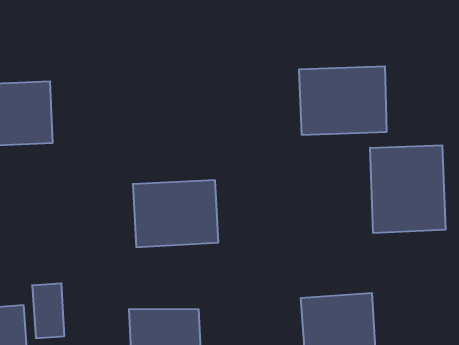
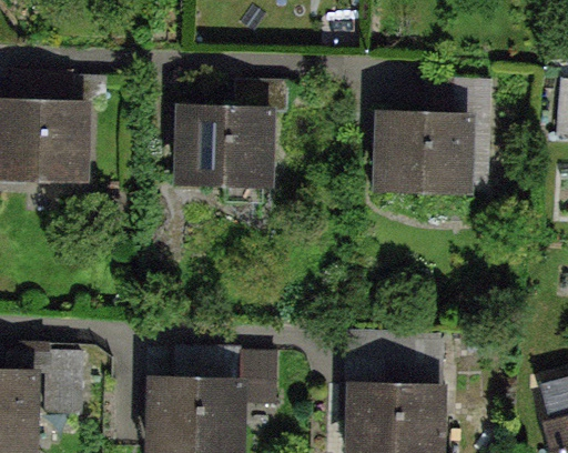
building: [370,145,445,233] -> none
building: [133,180,218,247] -> [173,110,270,184]

